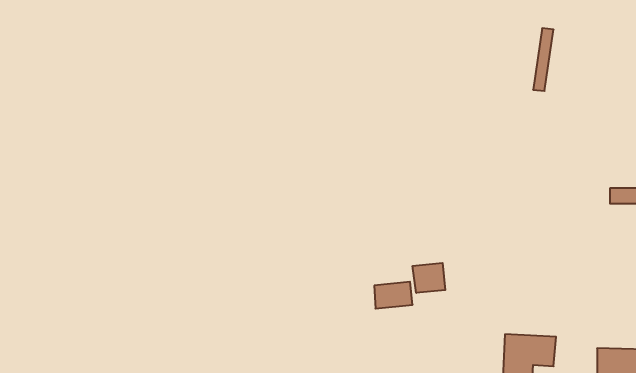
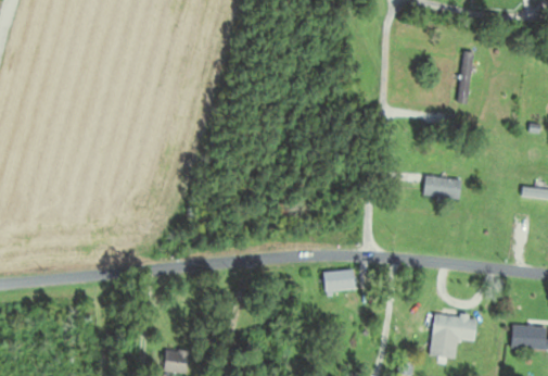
building: none -> [423,175,462,201]
building: [413,263,445,293] -> none

